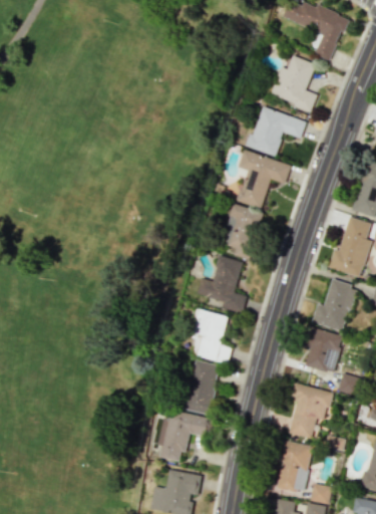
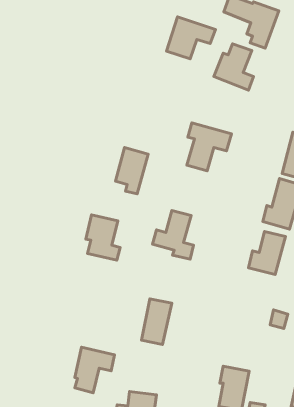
building: [248,106,306,157] -> [167,17,215,59]
building: [222,204,261,259] -> [115,147,148,194]
building: [190,309,231,363] -> [86,215,120,260]
building: [305,328,342,373] -> none
building: [288,383,331,440] -> none
building: [159,409,207,463] -> [75,347,114,393]

